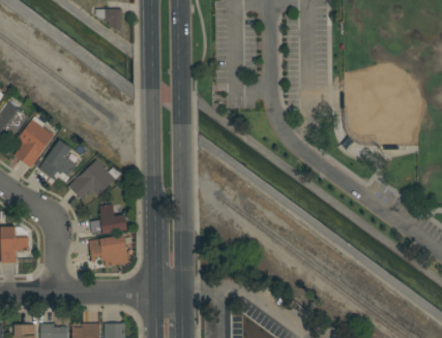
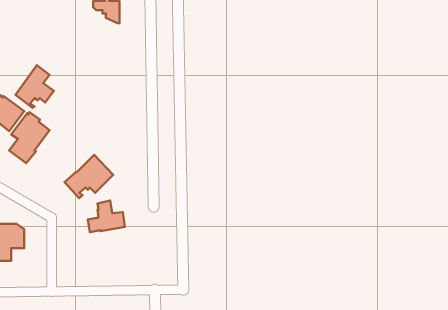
building: [38,140,76,181] -> [15,65,54,108]
building: [88,235,128,267] -> none

